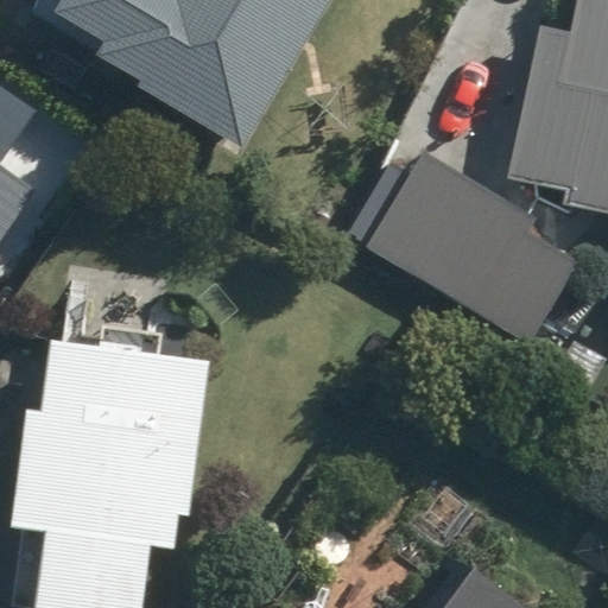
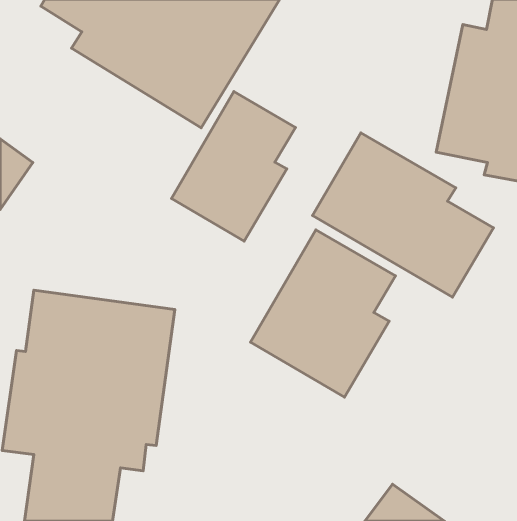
building: none -> [171,92,295,241]
building: none -> [250,230,395,397]

